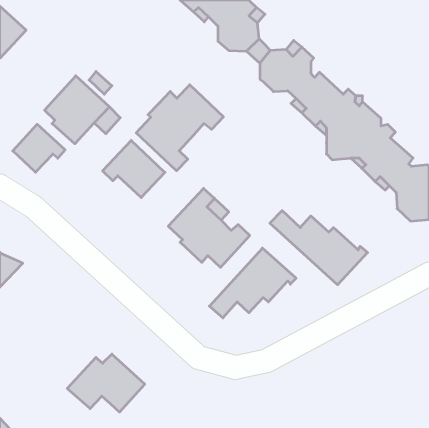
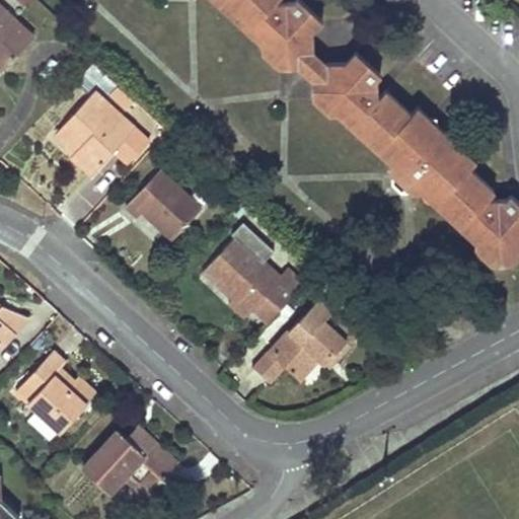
building: [136,85,223,171] -> none
building: [13,124,65,172] -> none
building: [270,211,368,285] -> none
building: none -> [14,352,93,435]

